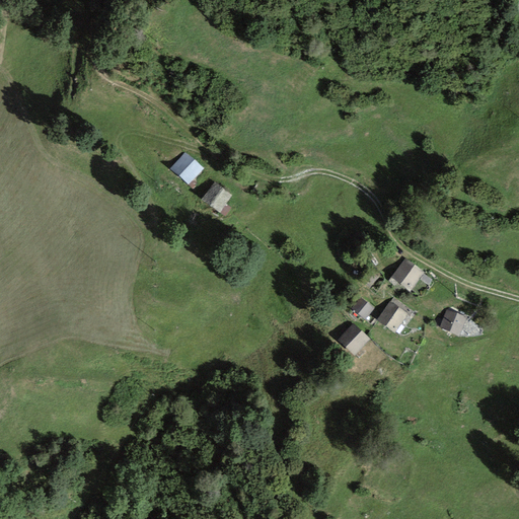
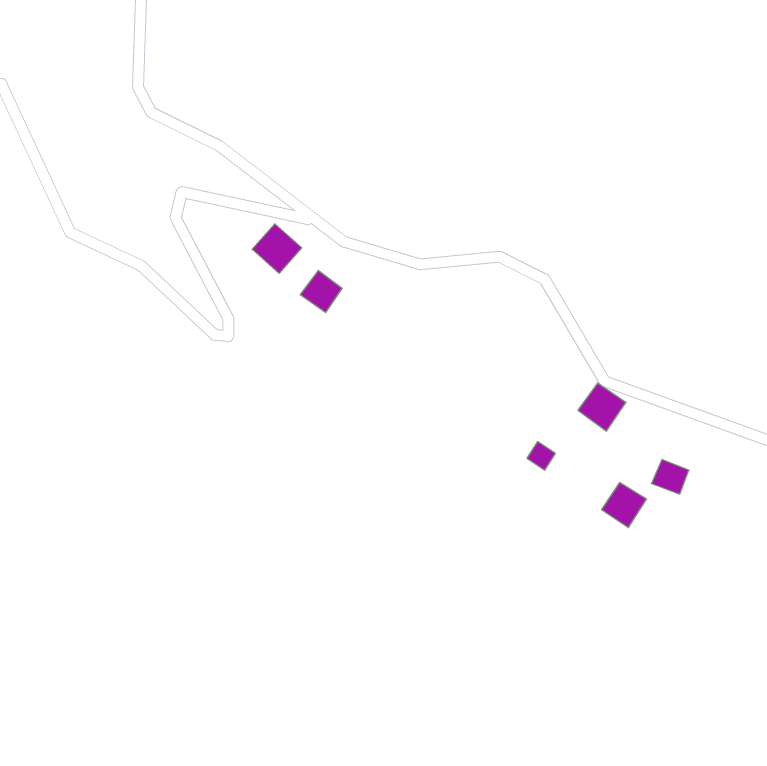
building: [377,301,407,331] -> [602,483,647,528]
building: [338,323,369,355] -> none

